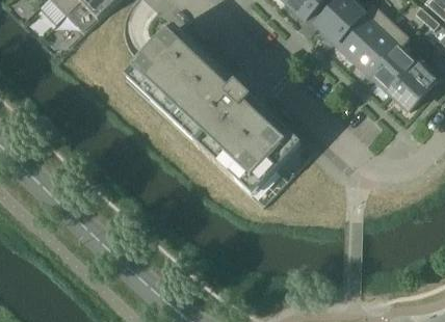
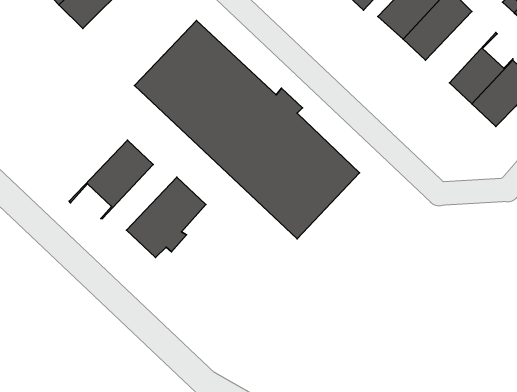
building: [351,18,407,74] -> none
building: none -> [69,140,153,219]
building: none -> [127,177,206,258]

